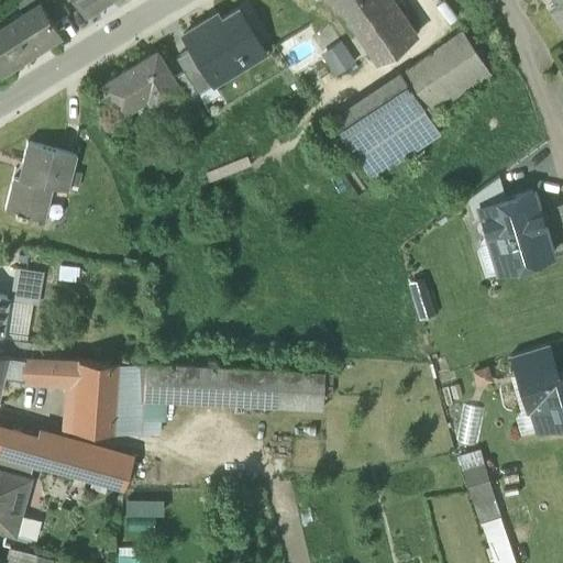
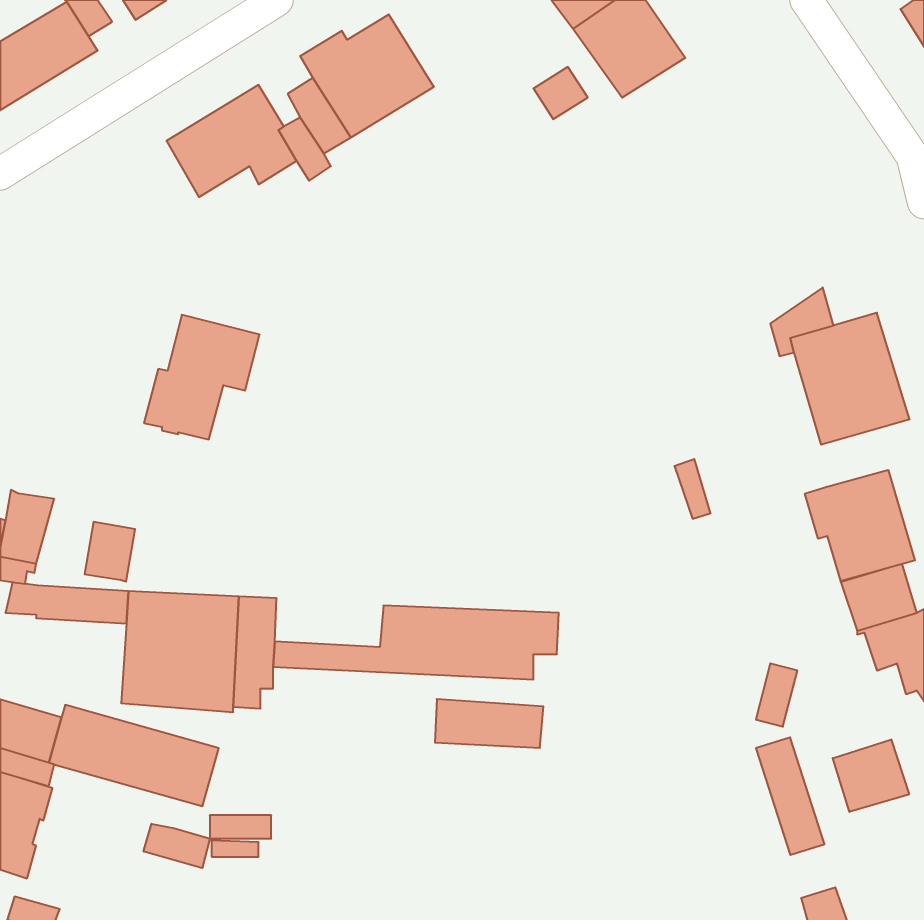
building: [330,33,493,183] -> none
building: [4,145,75,221] -> [144,315,260,439]
building: [11,271,42,307] -> [85,522,135,582]
building: none -> [805,470,915,581]
building: [167,366,233,396] -> [435,699,543,748]
building: none -> [833,739,909,812]
building: none -> [144,824,210,868]

